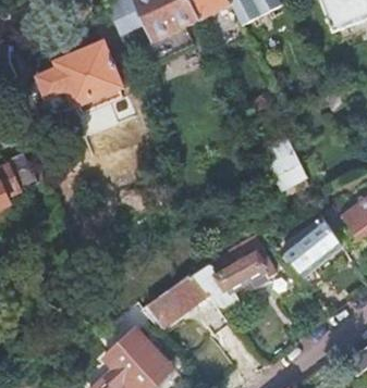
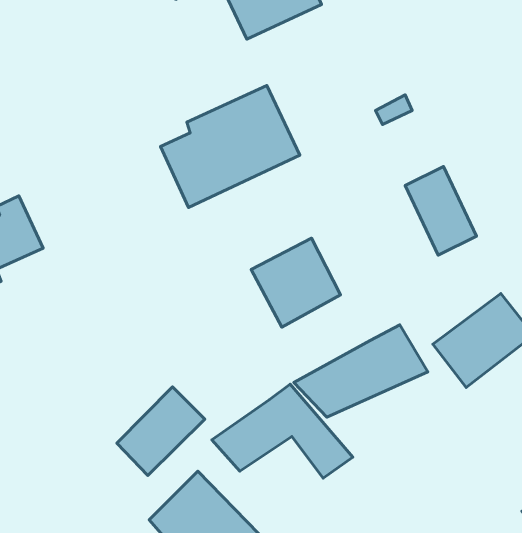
building: [37,42,124,118] -> [161,86,300,208]
building: none -> [251,238,340,327]
building: none -> [117,387,205,476]

